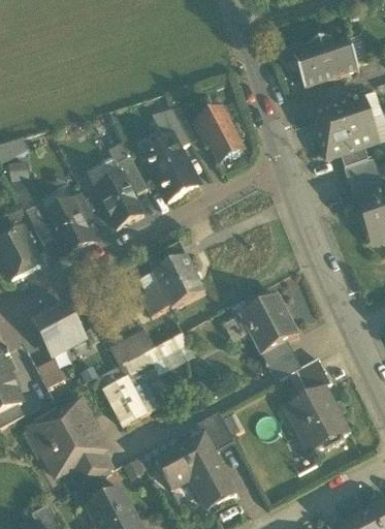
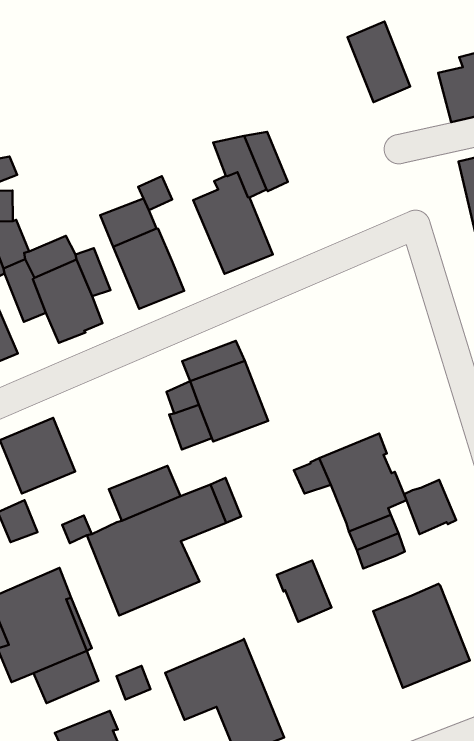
building: [199,110,243,162] -> [348,21,410,102]
building: [116,155,148,195] -> none
building: [296,359,331,395] -> [404,480,456,534]
building: [197,412,234,453] -> [277,561,332,622]

